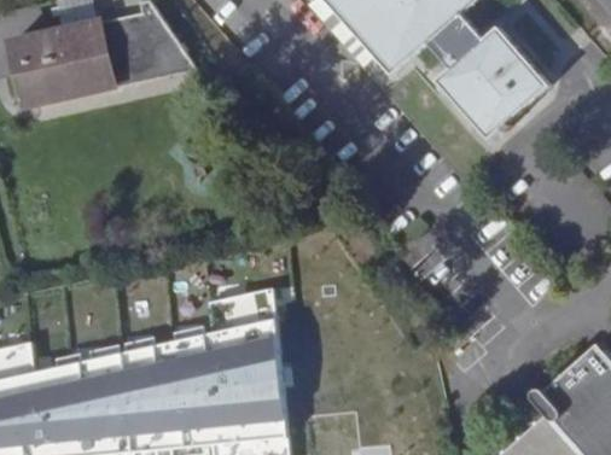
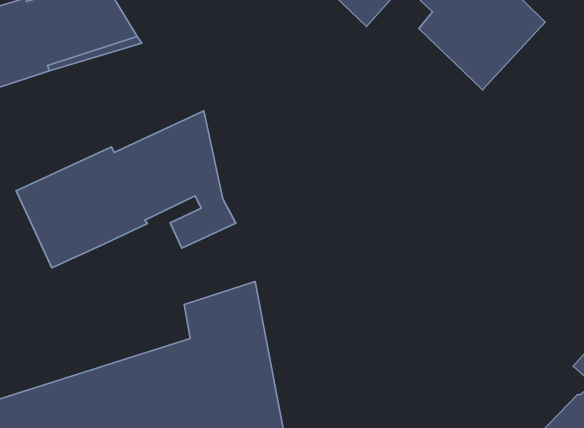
building: none -> [16,111,236,268]

